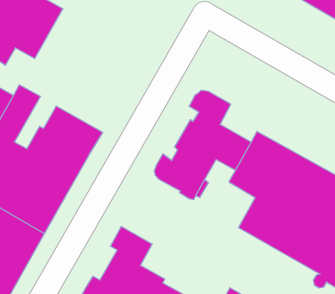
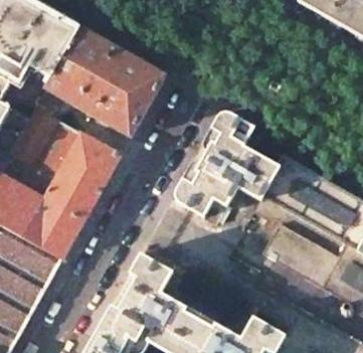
building: none -> [45,27,166,137]

